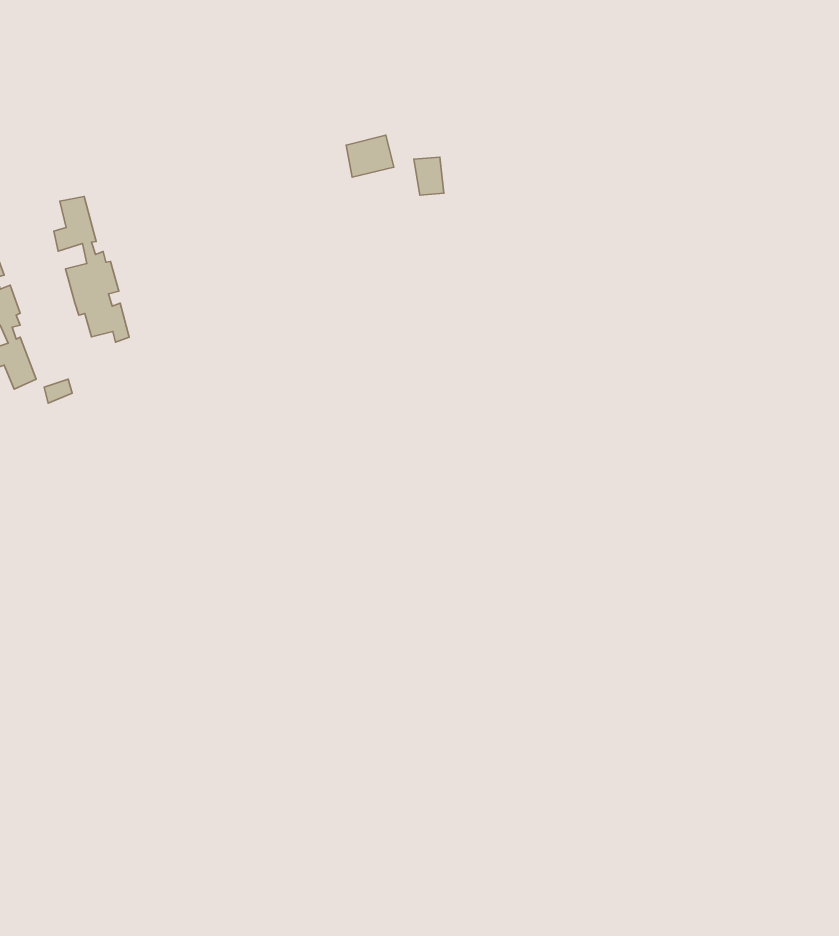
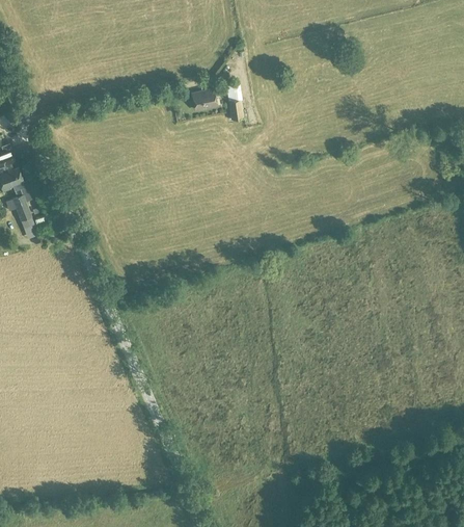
building: [54,197,129,342] -> none

